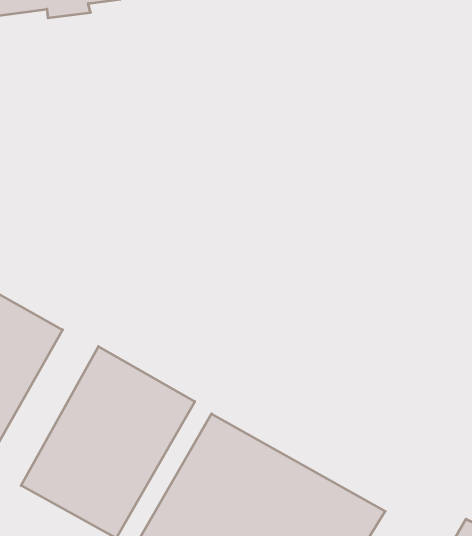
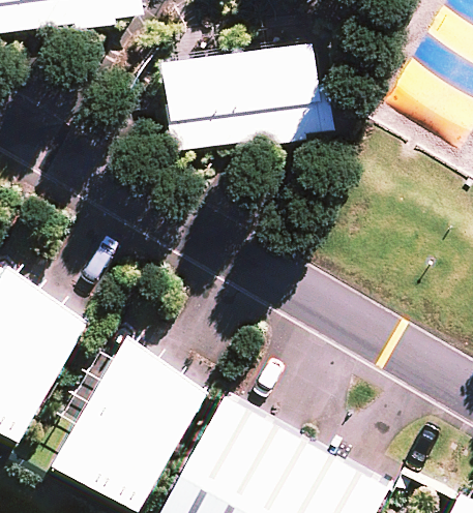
building: none -> [159,39,334,152]

